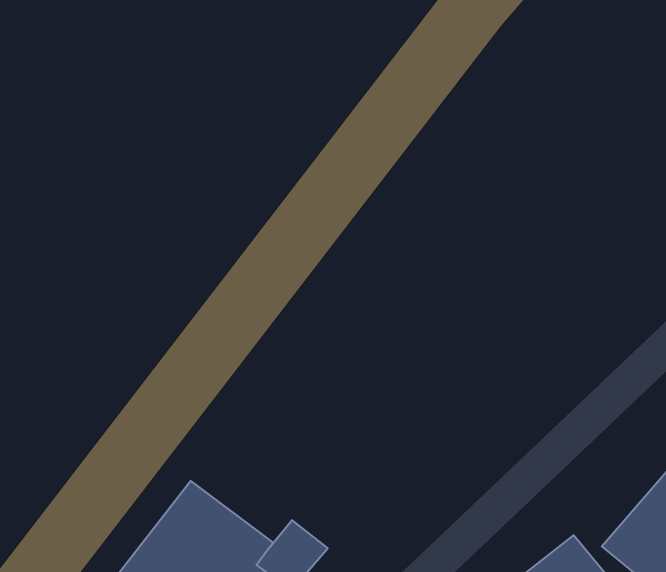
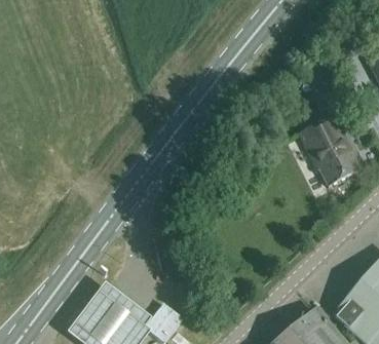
building: none -> [296,109,358,186]

